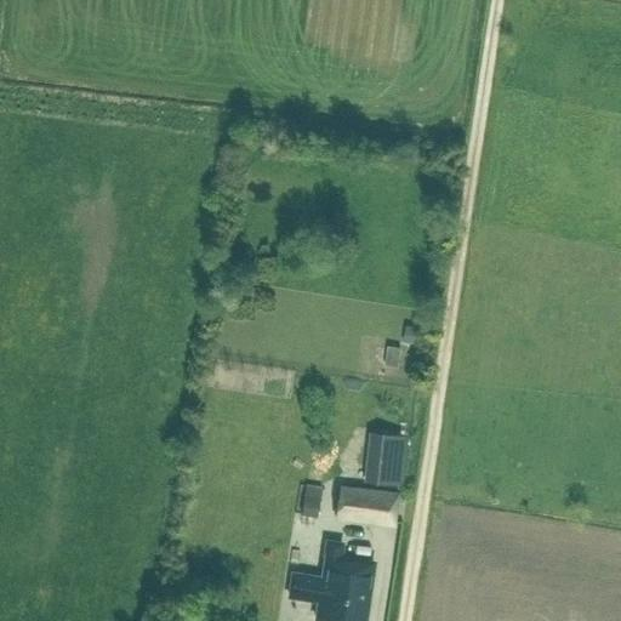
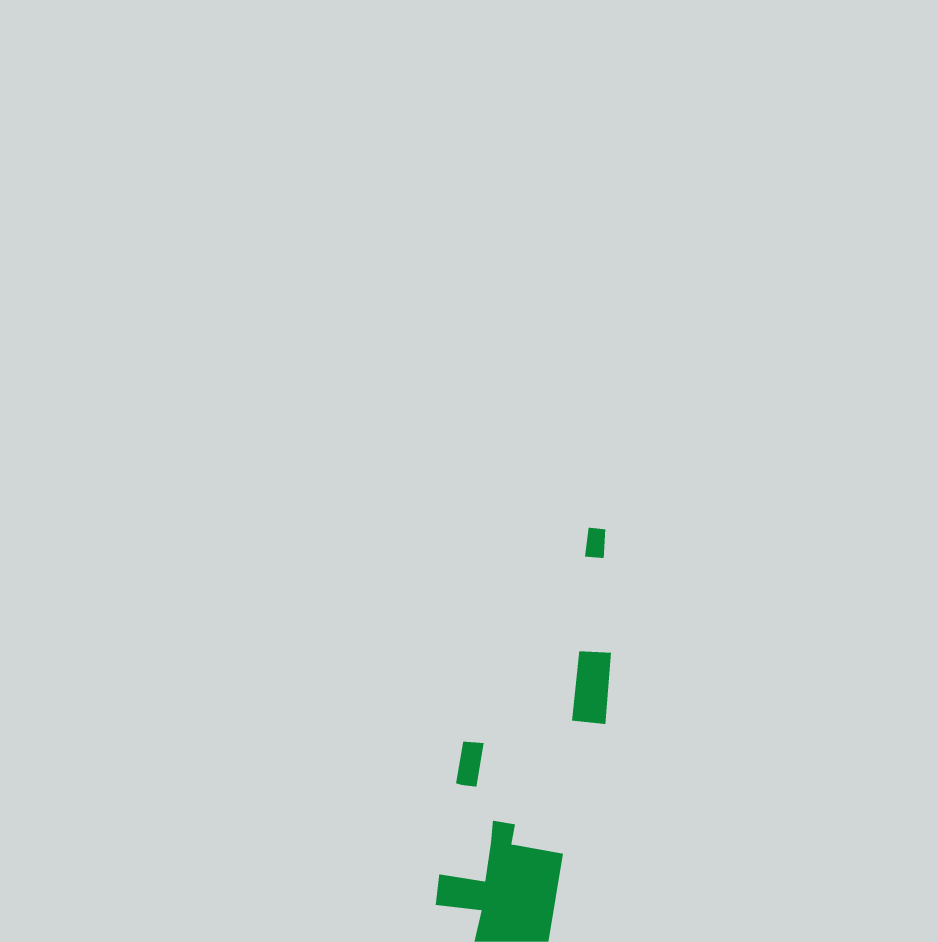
building: [336,486,397,524] -> none

